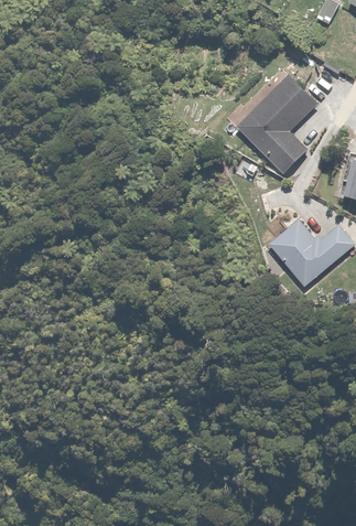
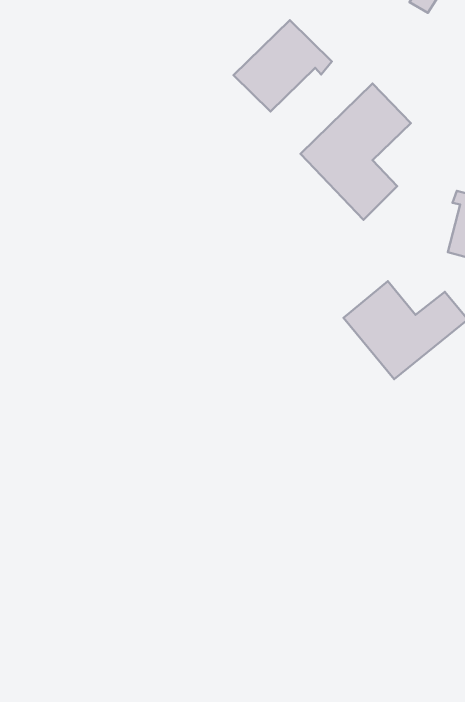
building: none -> [233,20,332,112]

